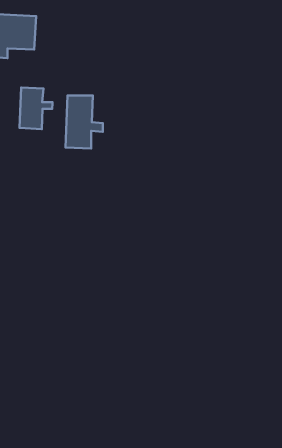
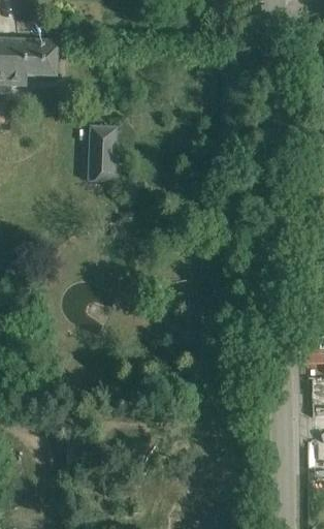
building: [20,88,53,129] -> none

